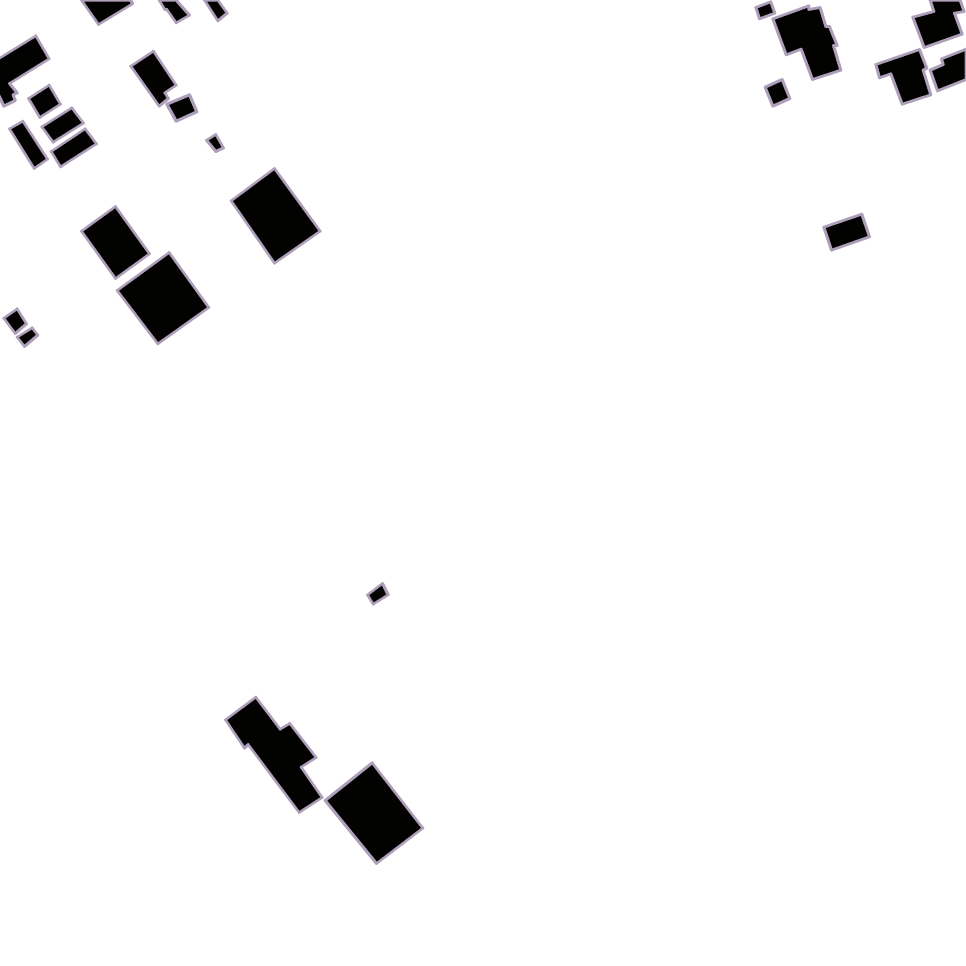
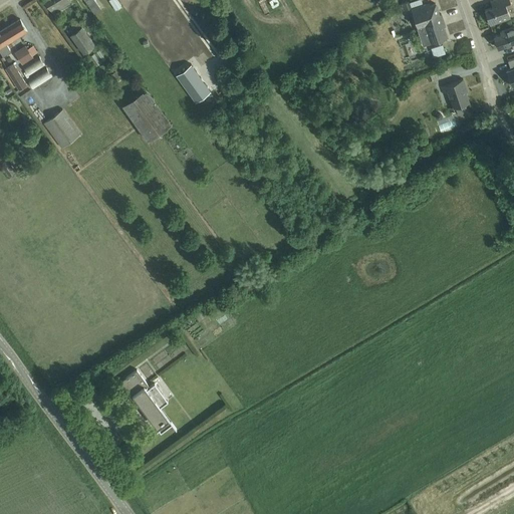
building: [876,49,931,104] -> [439,79,468,108]
building: none -> [175,65,210,102]
building: [117,252,209,344] -> none
building: [325,763,423,864] -> none

